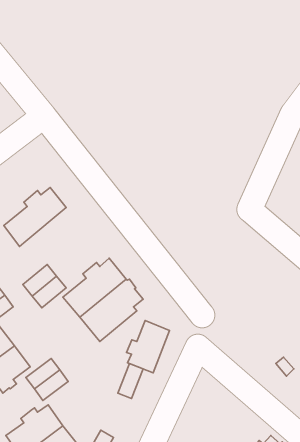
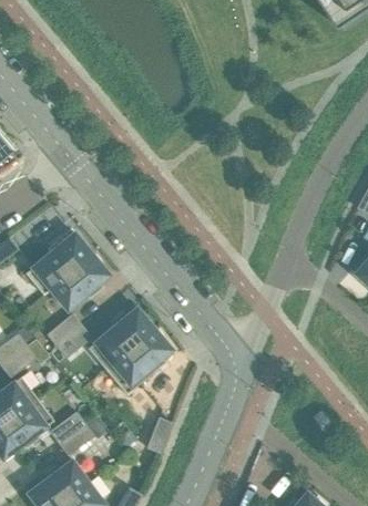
building: none -> [50,254,110,308]
building: [127,320,170,373] -> none

